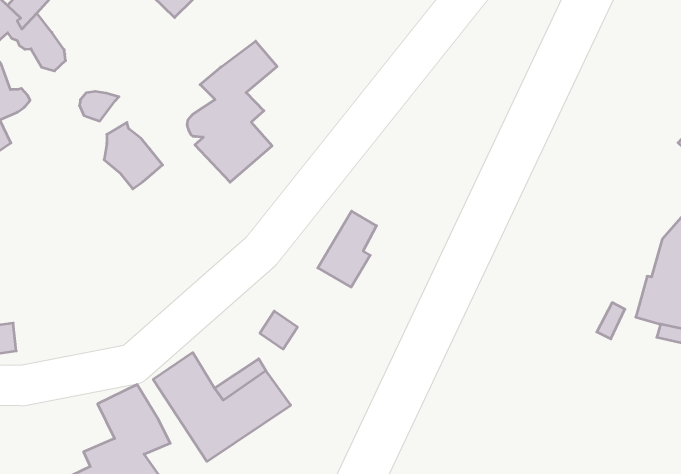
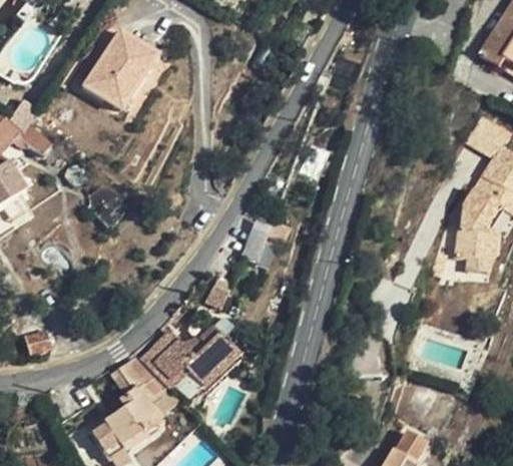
building: [187,41,277,182] -> none

